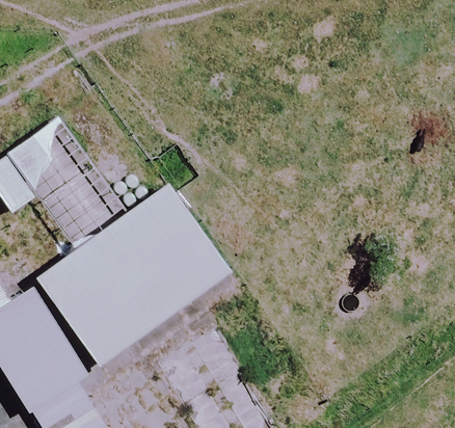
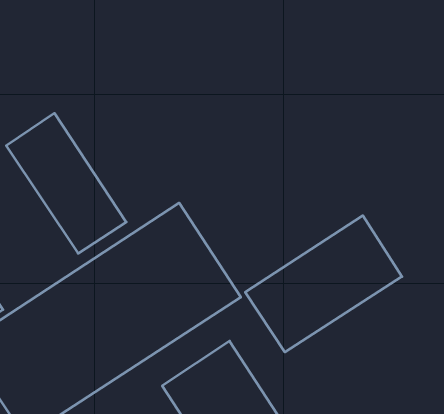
building: none -> [245,216,402,352]

